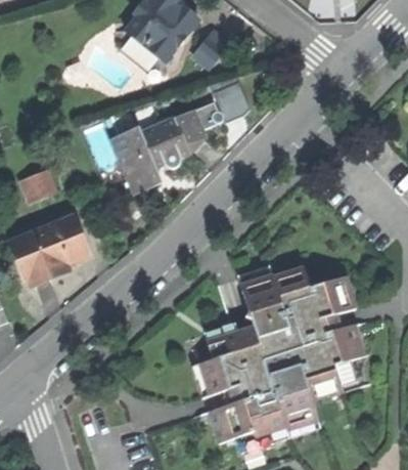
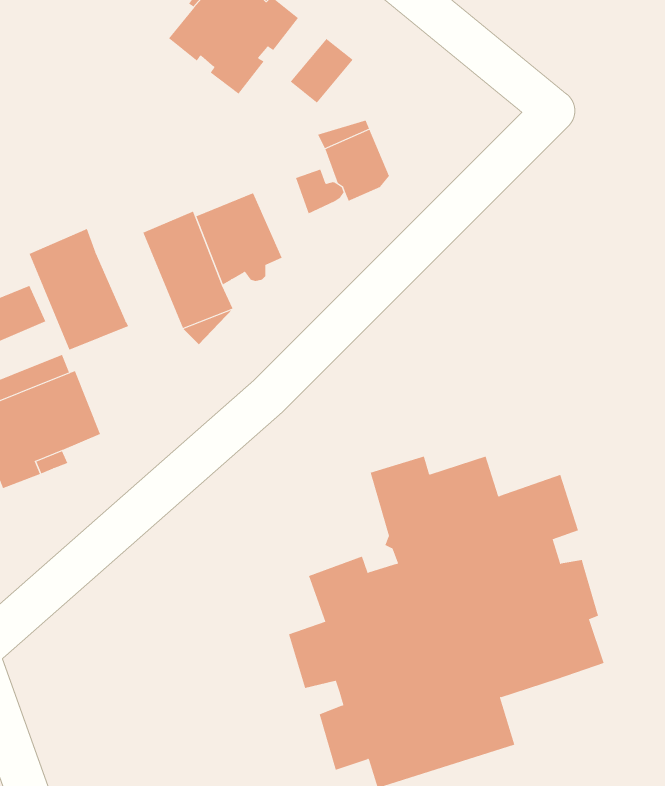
building: [117,30,164,73] -> none
building: [173,109,206,154] -> none
building: none -> [29,228,129,351]

